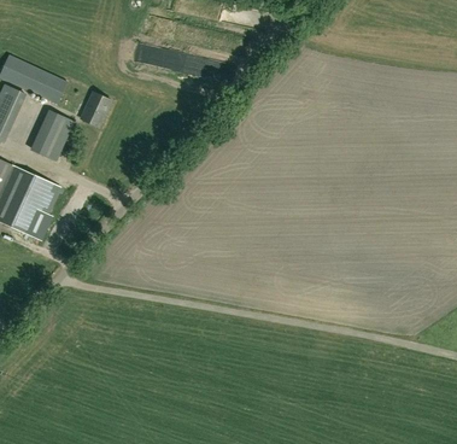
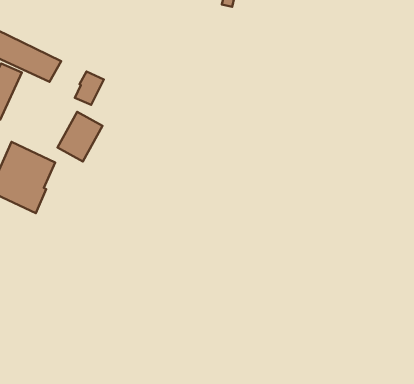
building: [30,107,77,159] -> [57,112,102,161]

